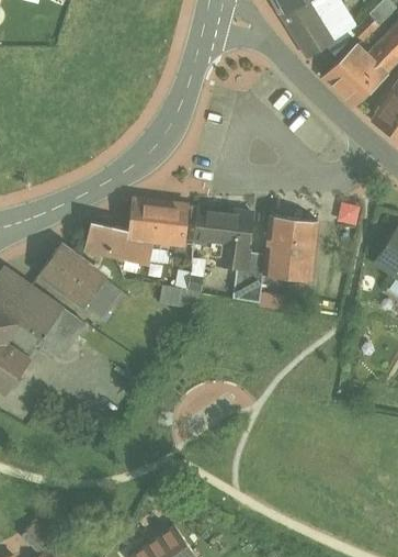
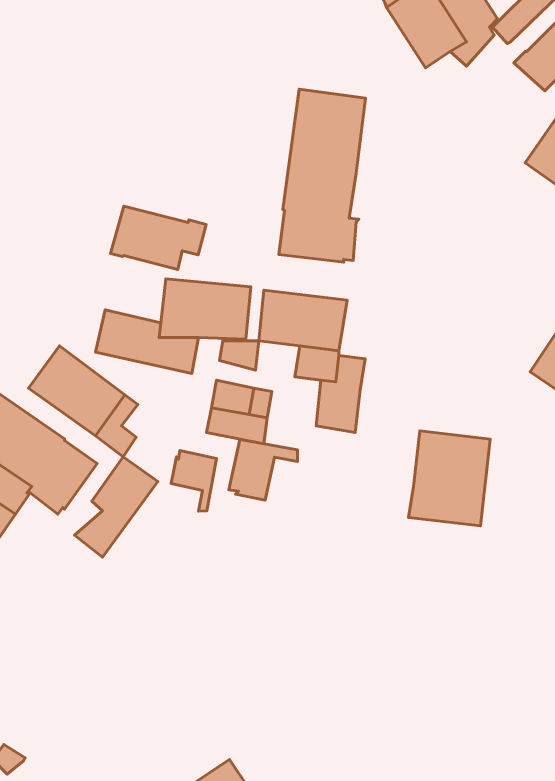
building: [322,45,386,108] -> none
building: none -> [279,89,365,262]
building: none -> [110,206,206,269]
building: [262,216,317,280] -> [409,431,490,526]
building: none -> [229,440,298,500]
building: none -> [171,451,216,511]
building: none -> [75,457,158,557]

